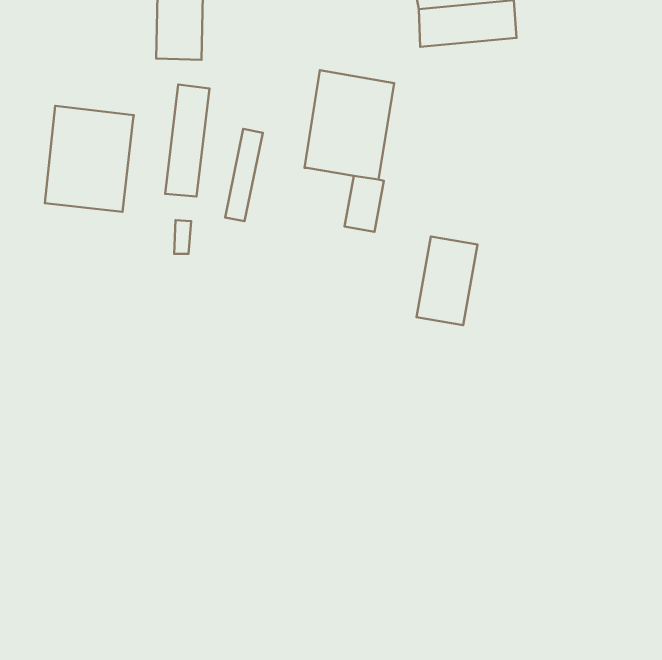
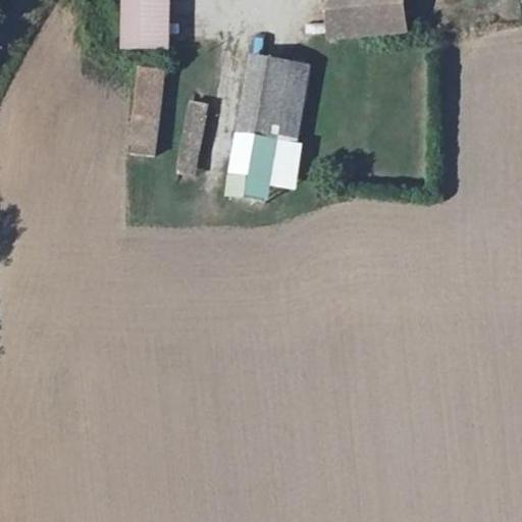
building: [45,106,134,212] -> none
building: [416,237,478,325] -> [229,132,277,201]

